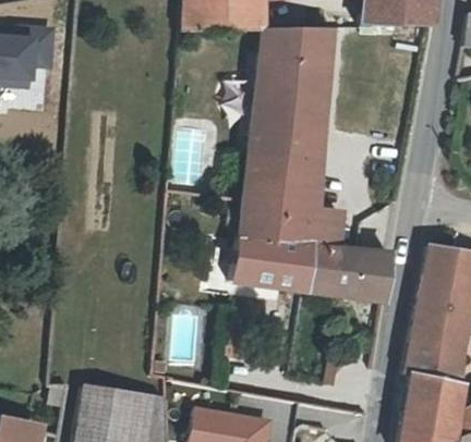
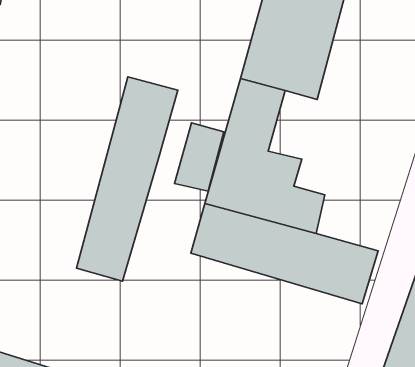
building: [286,128,321,184] -> [175,123,224,191]
building: none -> [76,77,178,281]

